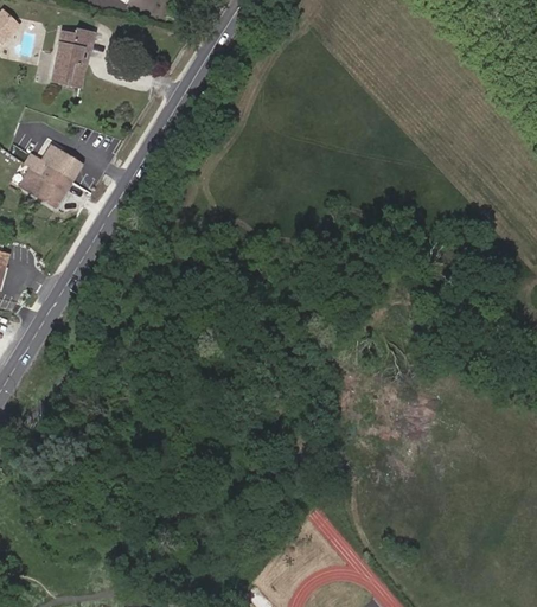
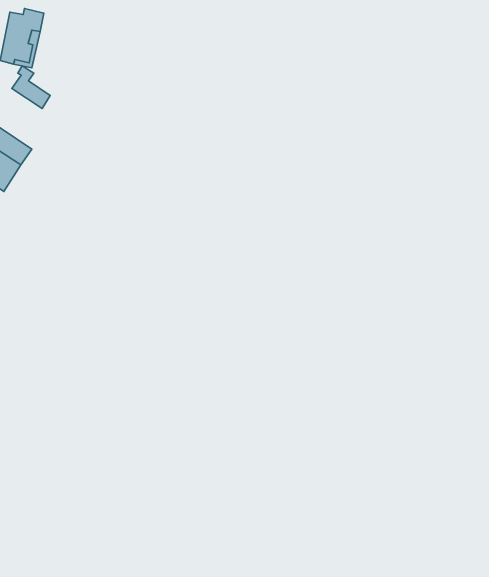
building: none -> [12,66,50,109]

